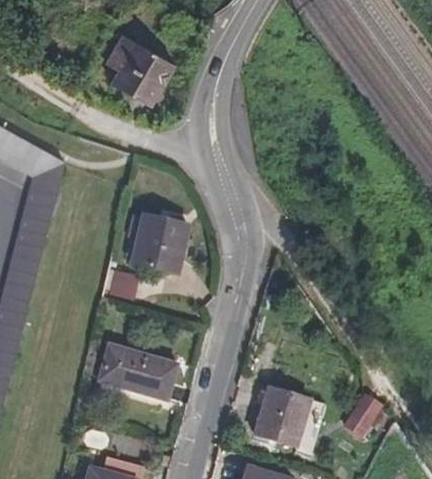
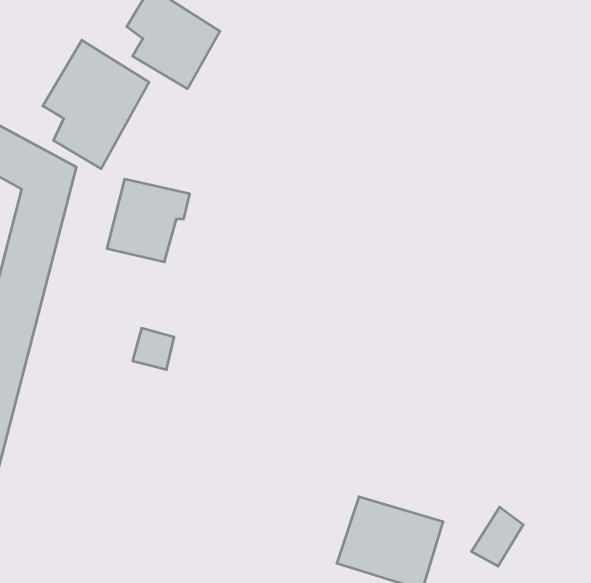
building: none -> [43,40,149,169]
building: [131,215,188,272] -> [107,179,190,262]
building: [95,341,178,402] -> none

